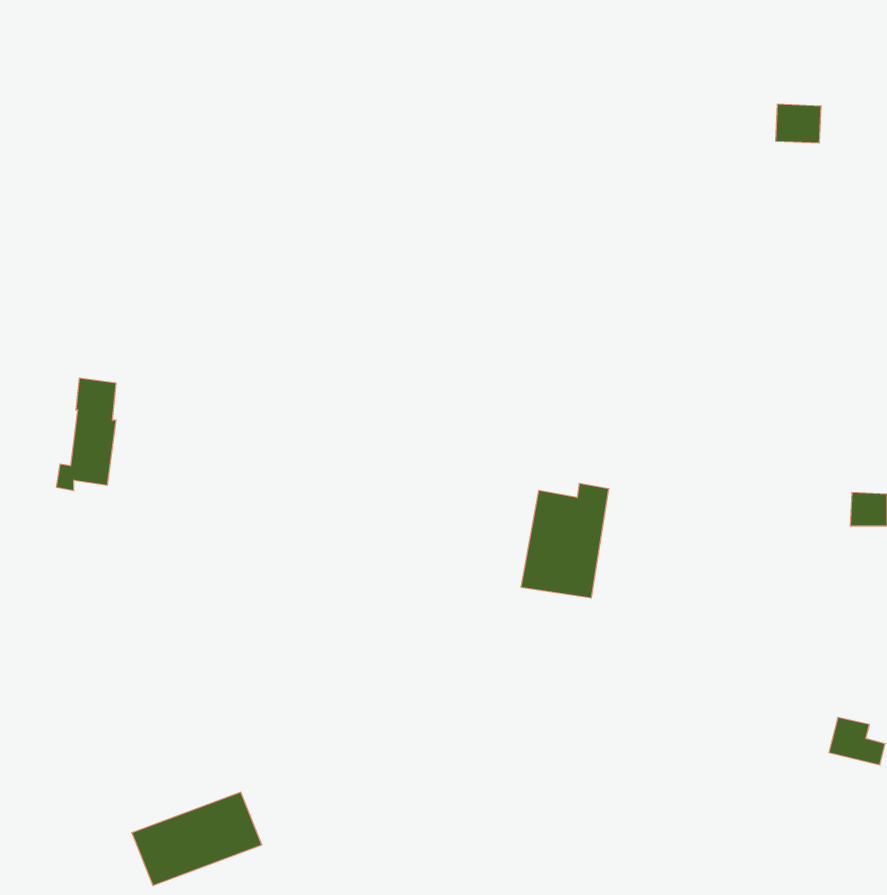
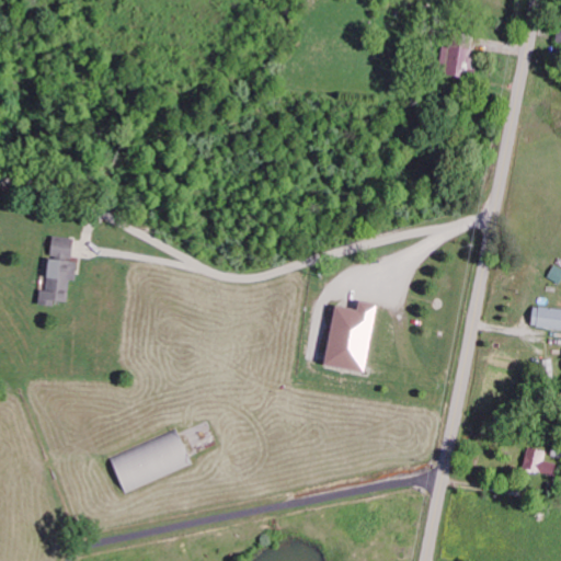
building: [776,104,821,143] -> [439,44,468,68]
building: [132,792,262,885] -> [111,432,192,490]

